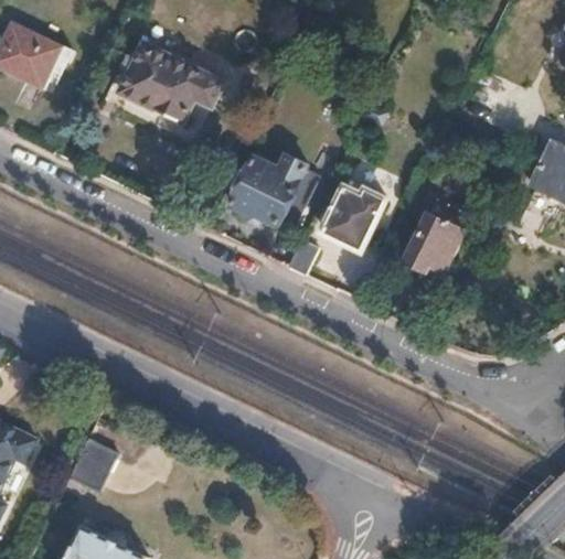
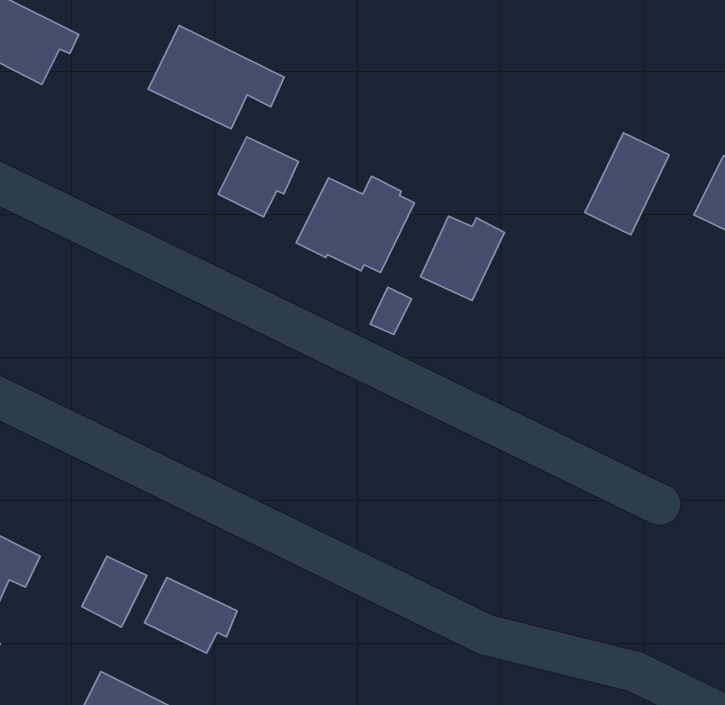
building: none -> [218,137,299,217]
building: [405,200,468,276] -> [585,133,669,235]
building: none -> [144,577,237,653]

